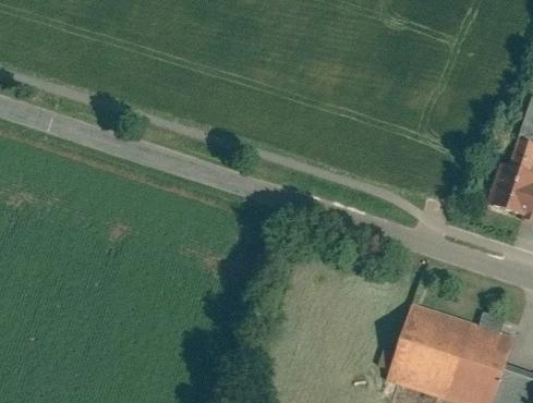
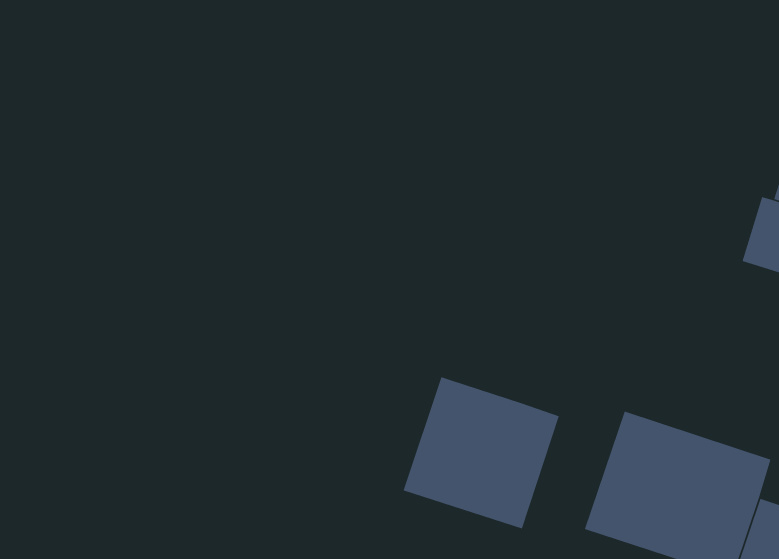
building: none -> [402,376,560,529]

